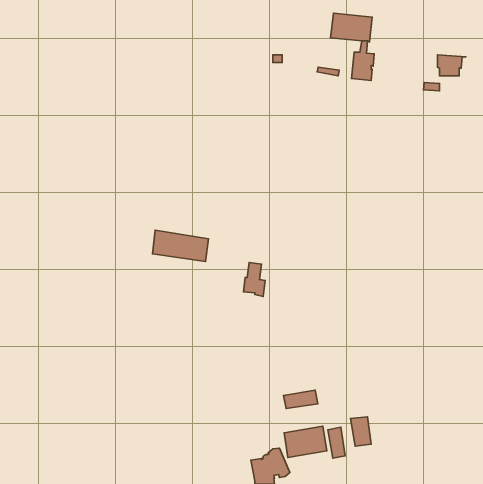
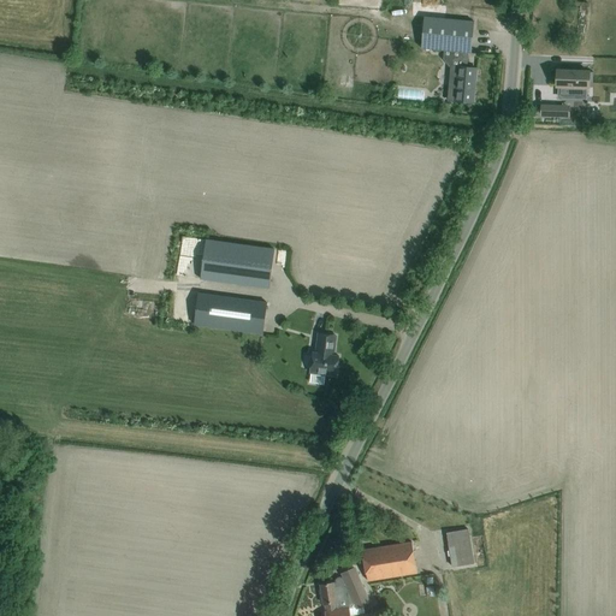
building: none -> [200,238,272,288]
building: [284,390,318,409] -> none
building: [328,427,345,458] -> none

